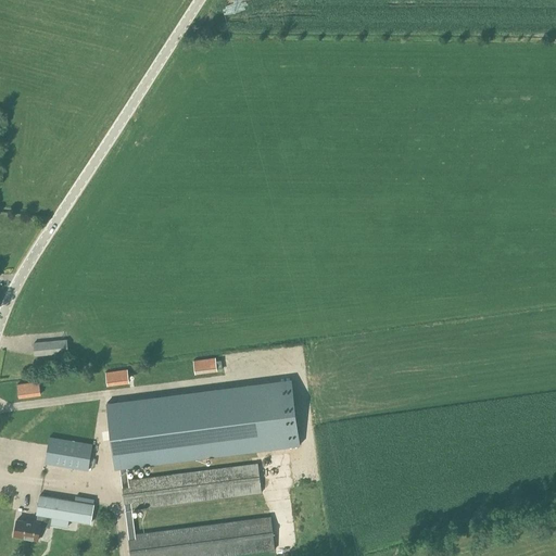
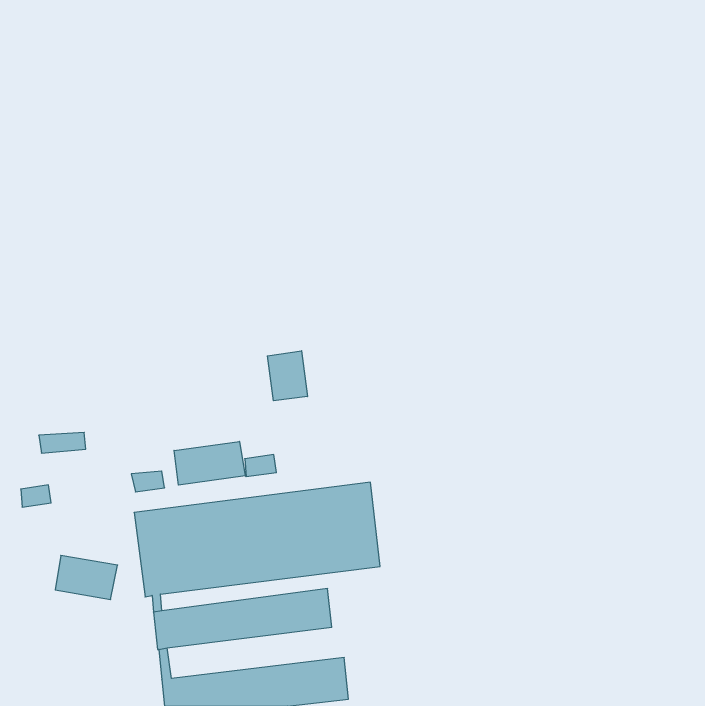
building: none -> [267,351,307,401]
building: none -> [174,441,245,485]
building: [13,494,93,541] -> none

